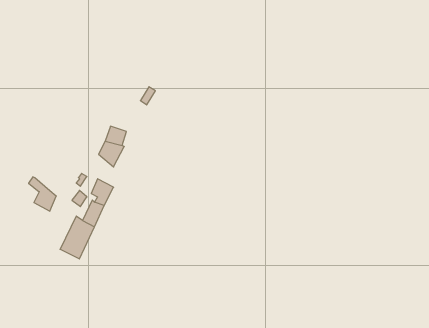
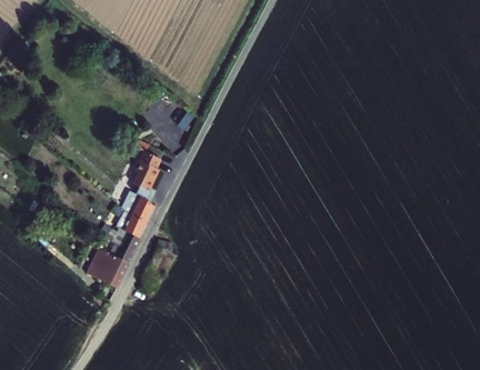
building: [29,177,56,211] -> [127,183,156,219]

